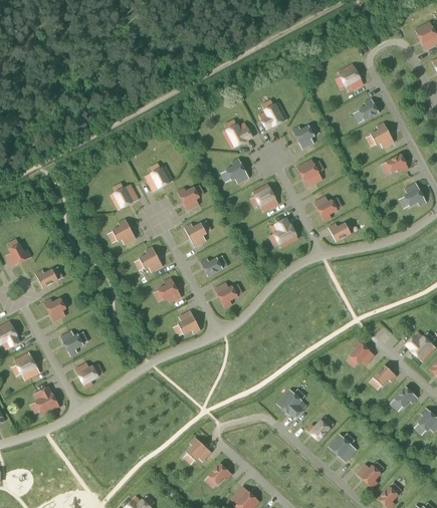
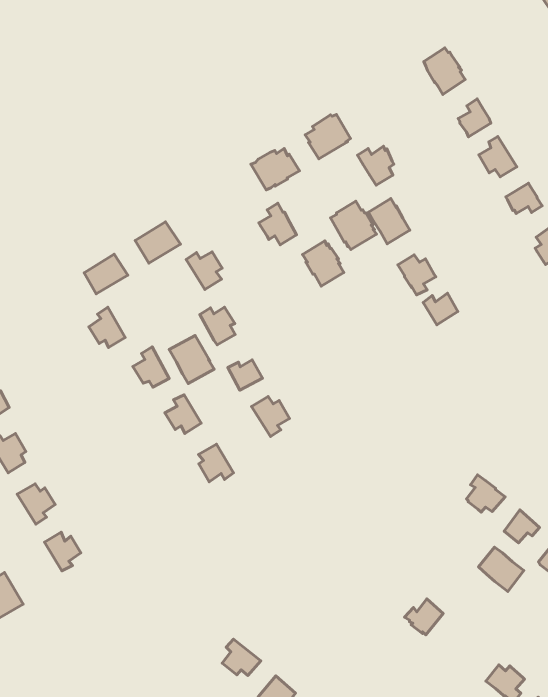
building: [269,217,298,248] -> [331,201,376,249]
building: none -> [169,335,214,383]
building: [276,389,307,419] -> none
building: [327,434,357,463] -> [478,547,524,592]

